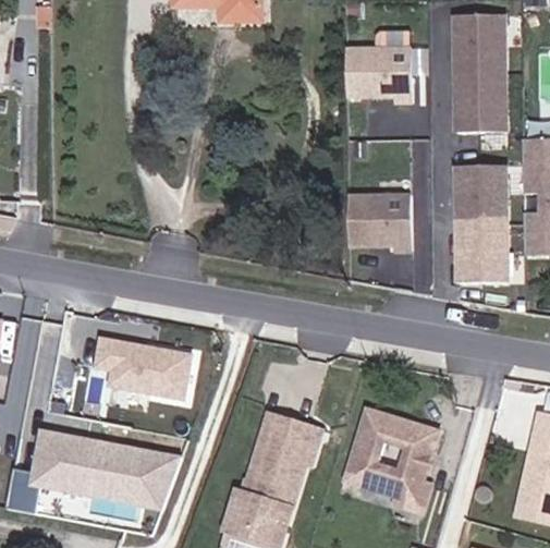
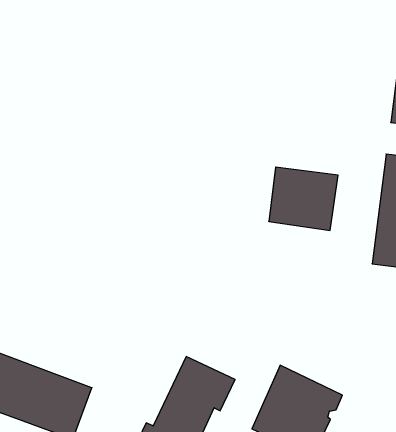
building: [339,46,410,105] -> none
building: [95,337,195,395] -> none

